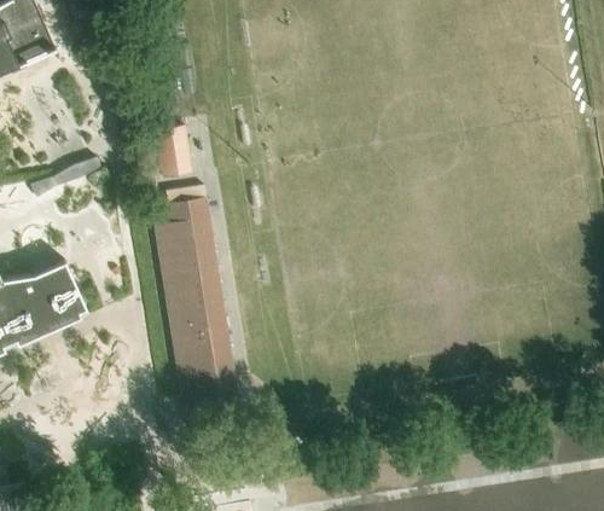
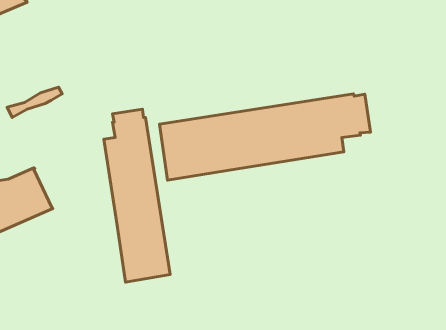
building: [153,127,192,180] -> none
building: none -> [159,94,371,180]

